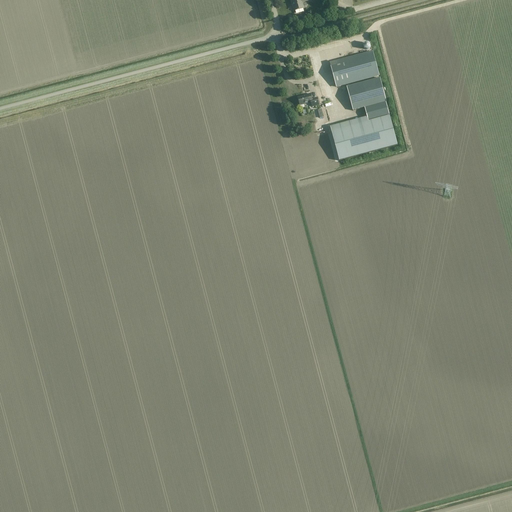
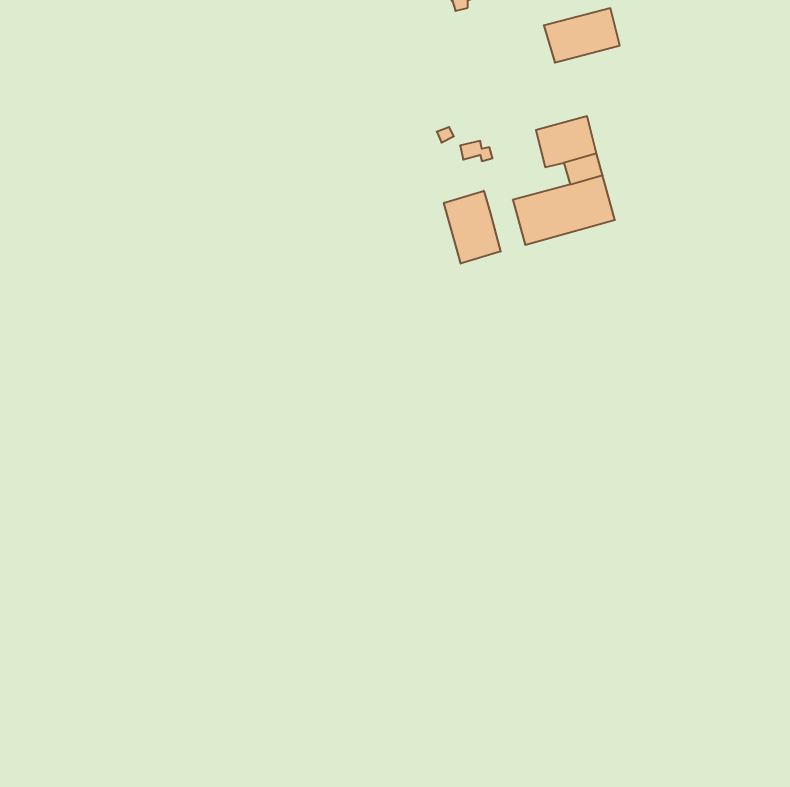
building: [329,49,378,84] -> [544,8,620,63]
building: none -> [444,191,501,264]

